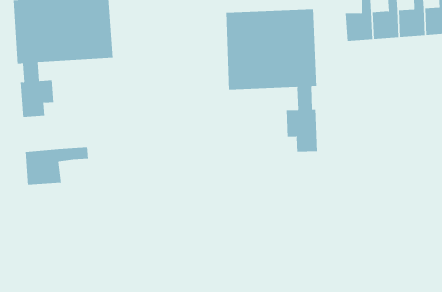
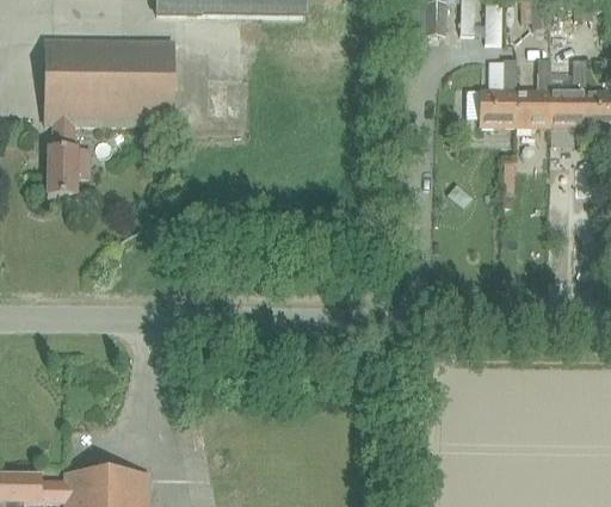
building: [226,9,317,153] -> none
building: [25,146,88,185] -> none

